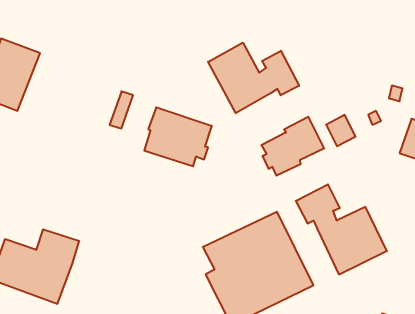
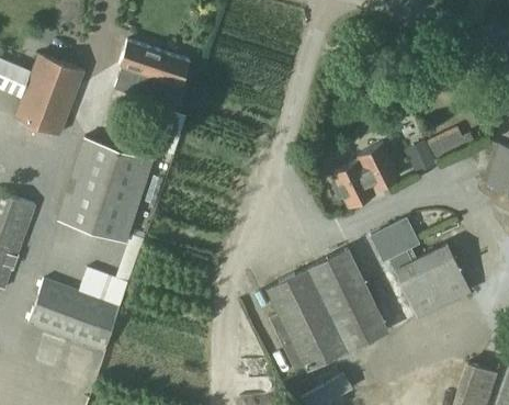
building: [208,43,299,113] -> none
building: [144,107,212,166] -> [114,42,190,108]
building: none -> [56,137,154,244]

